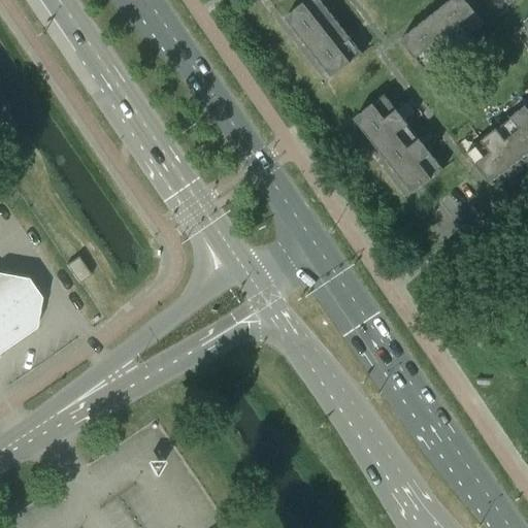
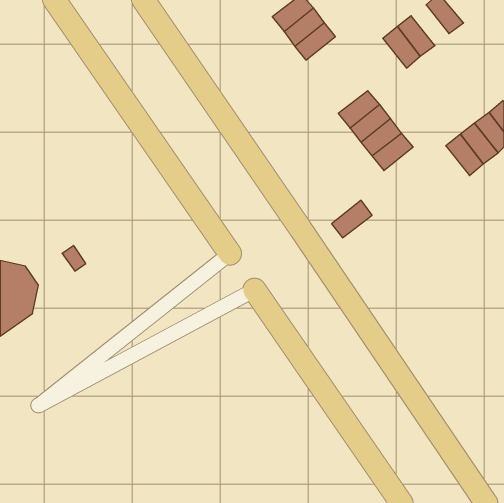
building: [430,5,469,47] -> none
building: [320,38,363,77] -> none
building: [401,154,443,193] -> [332,200,372,238]

